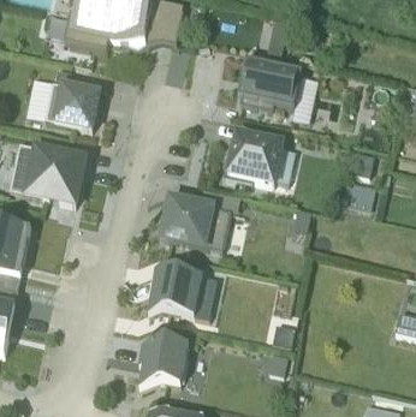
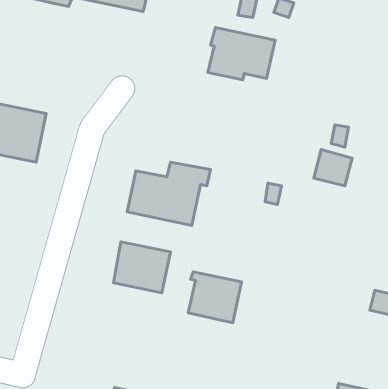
building: [44,59,99,119] -> none
building: [224,139,297,193] -> none
building: [138,340,190,389] -> [188,272,242,323]

